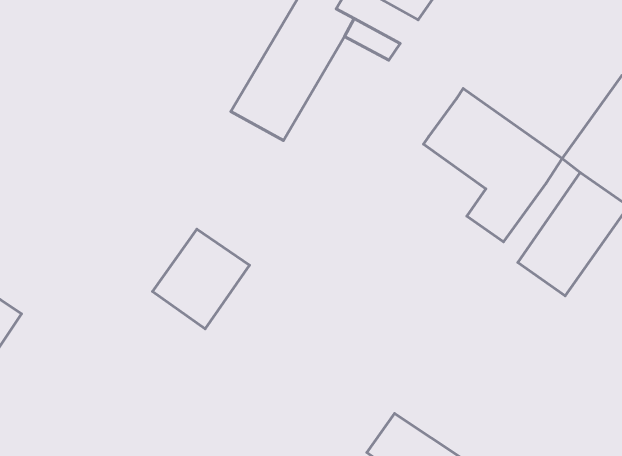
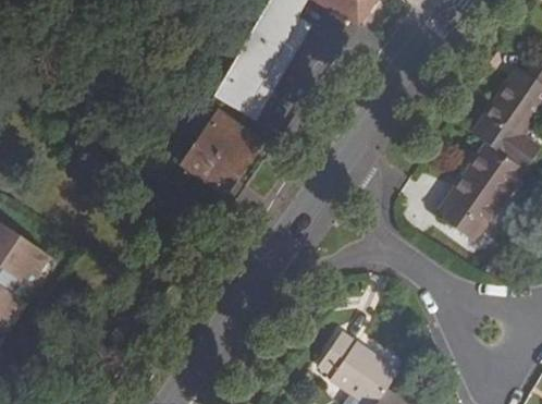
building: [423,89,562,242] -> none
building: [153,229,250,329] -> [183,113,259,192]

